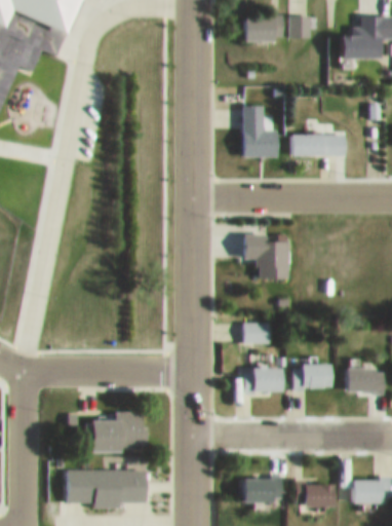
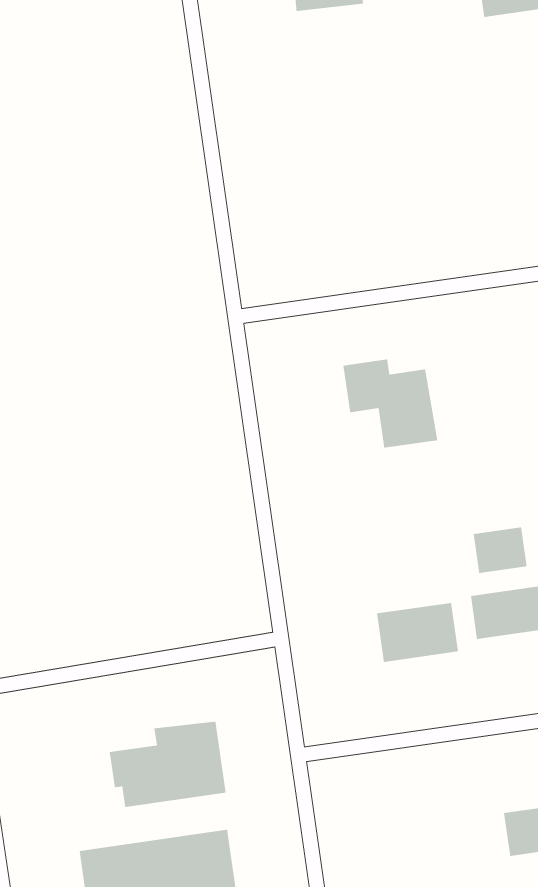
building: [243,106,279,155] -> none
building: [293,134,347,157] -> none
building: [242,323,269,344] -> [473,527,528,574]
building: [240,479,282,502] -> none

